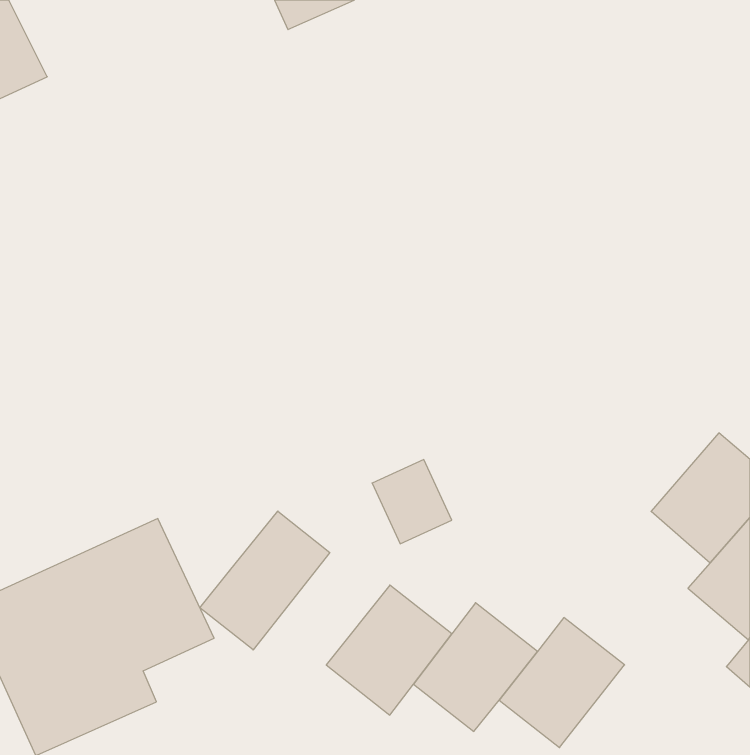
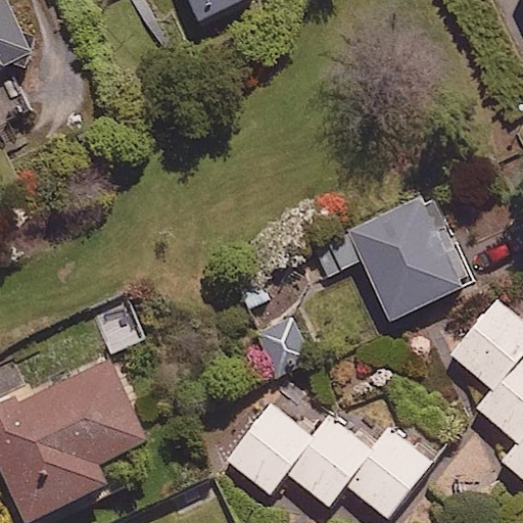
building: none -> [312,192,471,321]
building: [200,511,330,650] -> none

